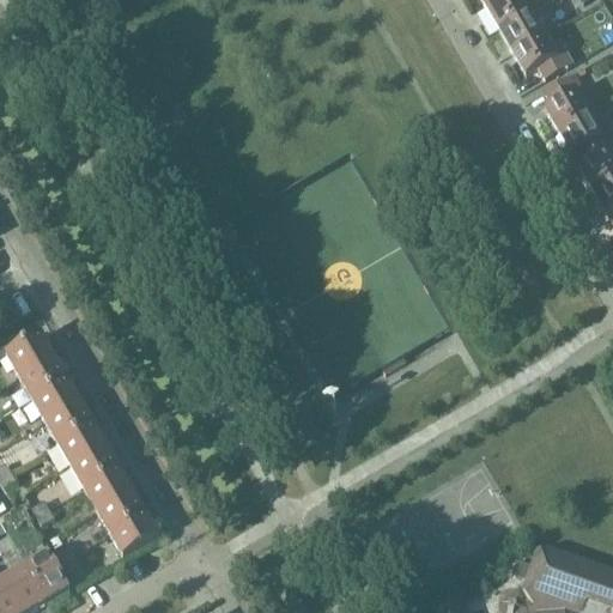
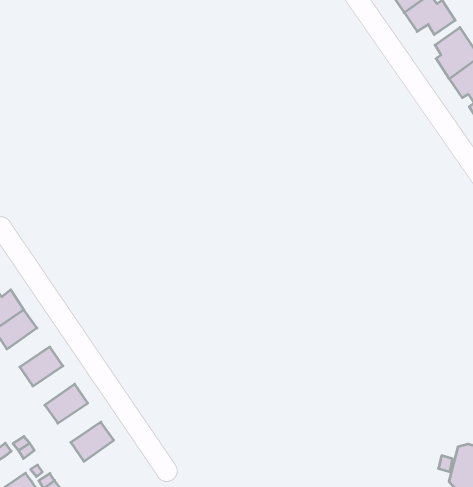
building: [32,376,81,419] -> none
building: [59,421,107,465] -> none
building: [84,466,133,509] -> none
building: [110,510,159,554] -> none

